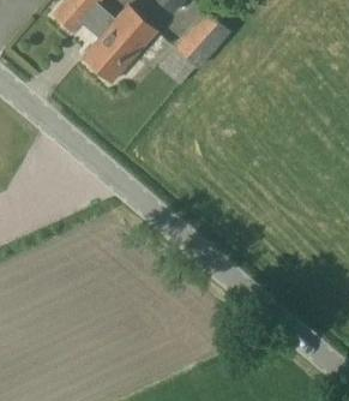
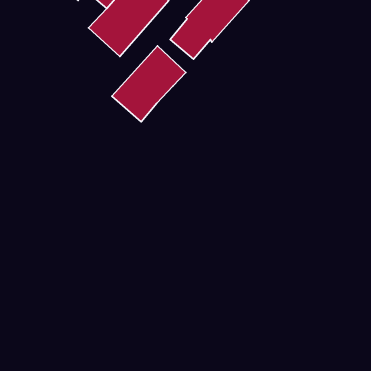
building: none -> [112,46,186,122]

